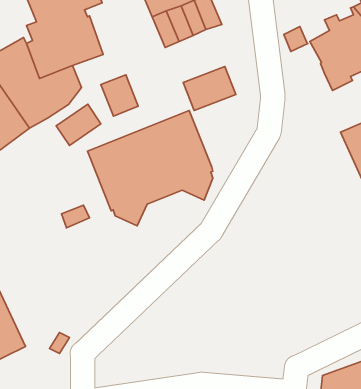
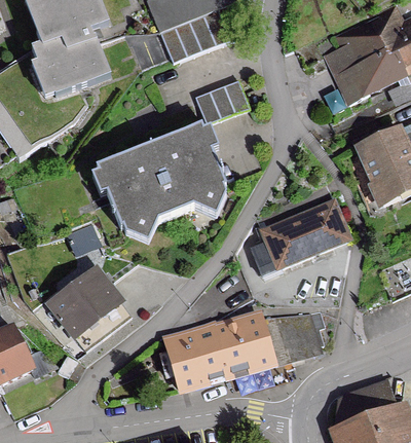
building: [101,75,138,116] -> none
building: [56,104,101,145] -> none
building: none -> [249,200,347,275]
building: none -> [49,270,118,336]
building: none -> [162,291,323,391]

